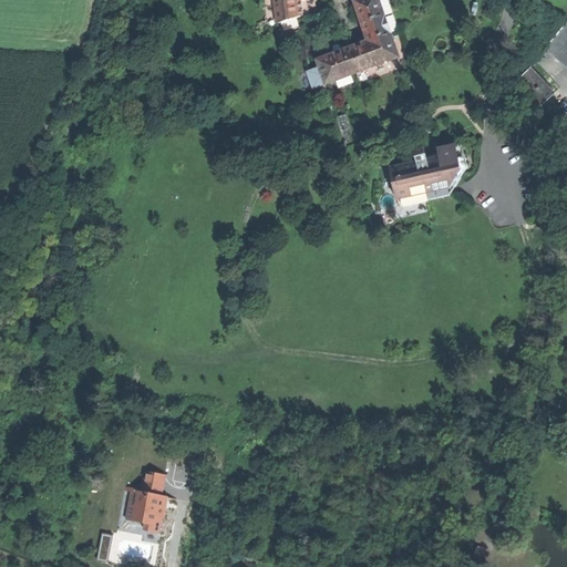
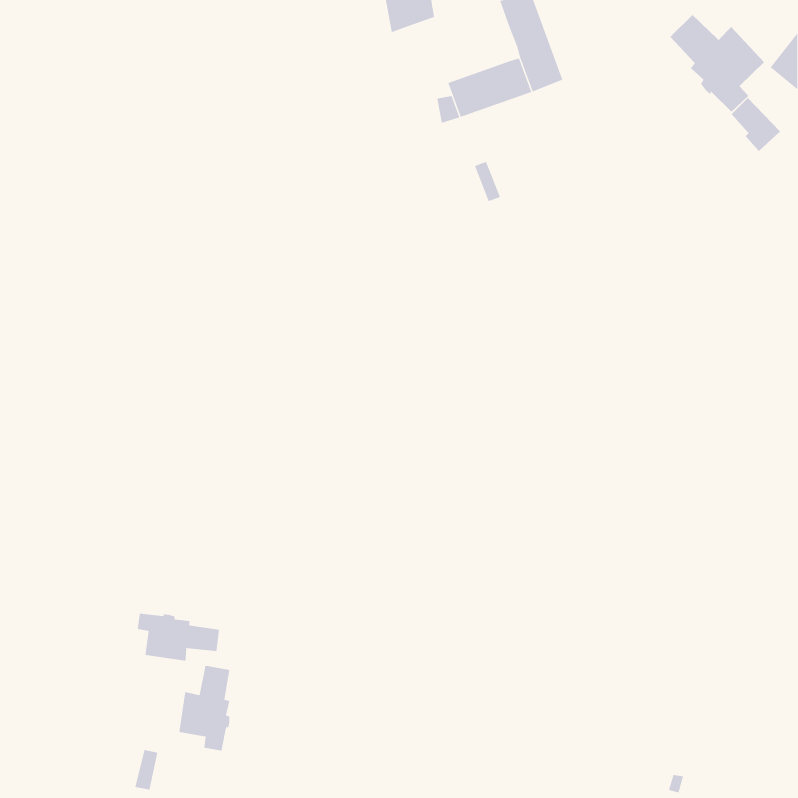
building: none -> [669,14,765,112]
building: [390,144,467,206] -> none
building: none -> [137,613,220,662]

